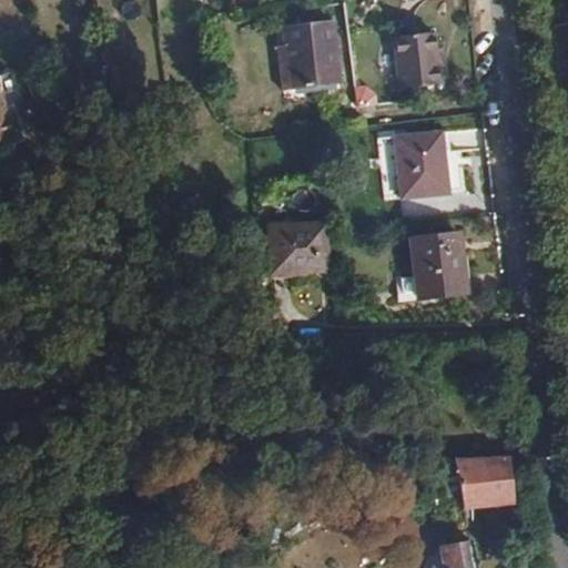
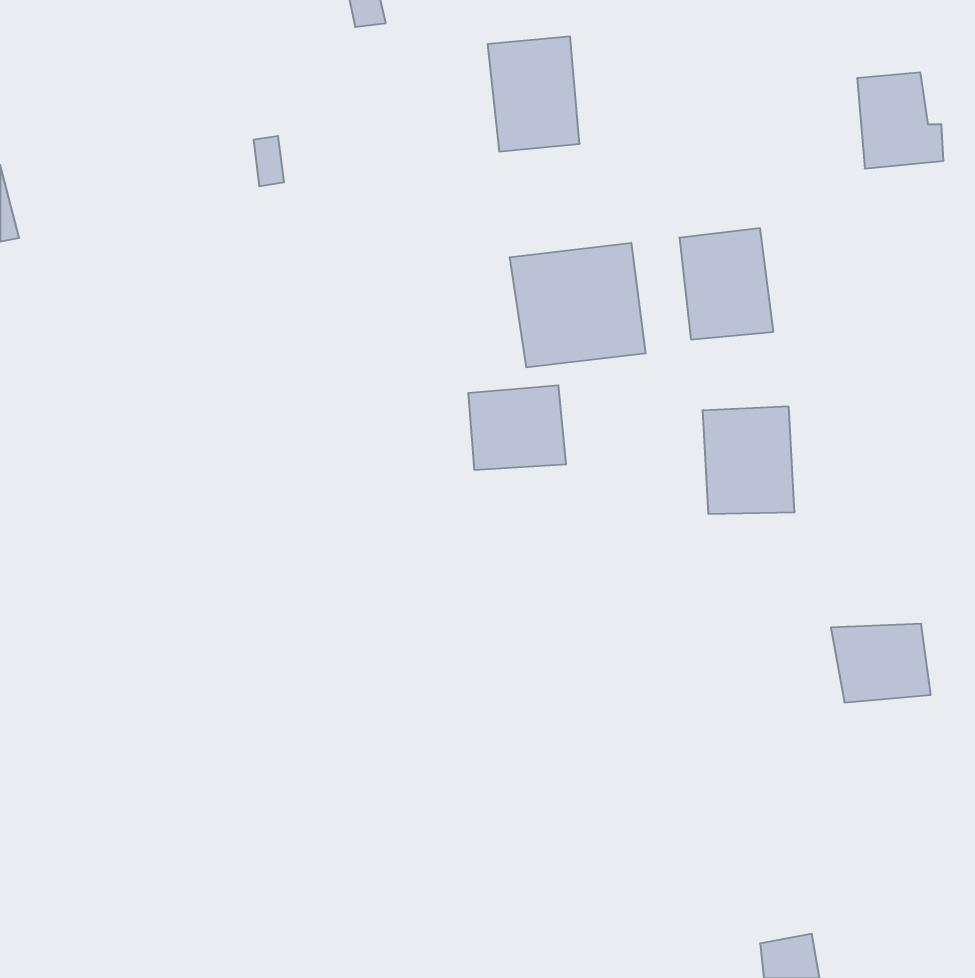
building: [395,31,445,87] -> [857,73,944,168]
building: none -> [510,243,645,367]
building: [454,458,511,504] -> [831,624,931,702]

